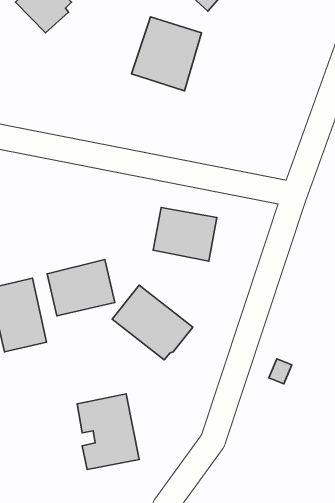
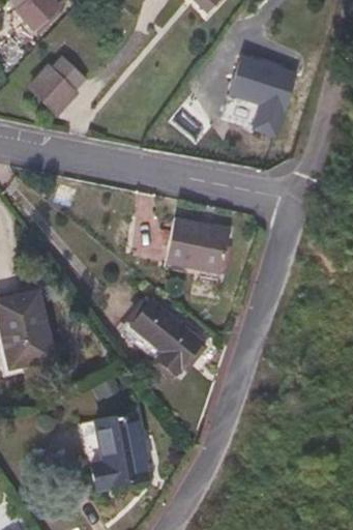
building: [132,17,201,91] -> [233,55,305,131]
building: none -> [40,56,94,115]
building: [47,260,115,316] -> none

